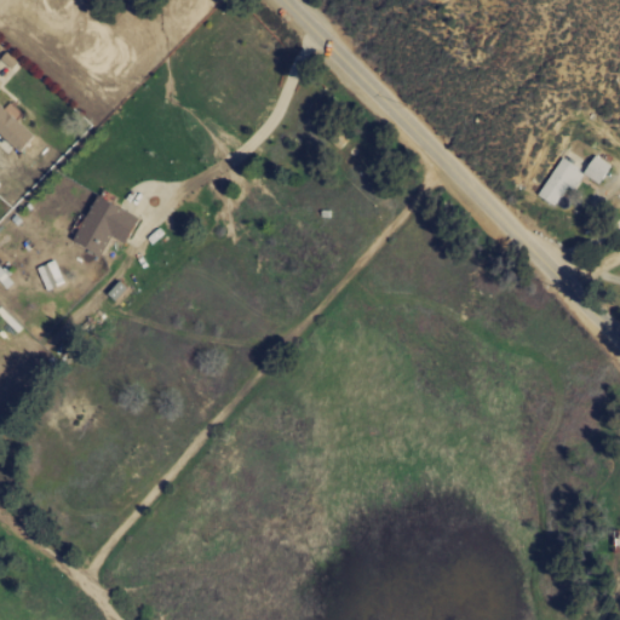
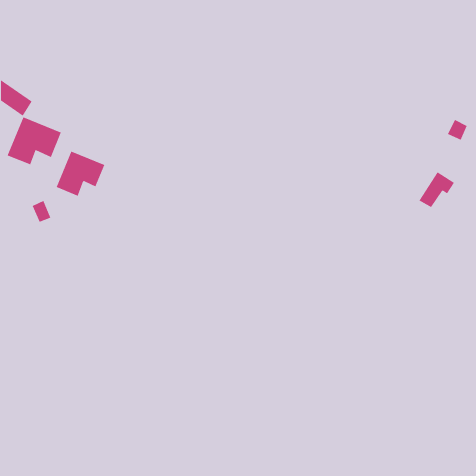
building: none -> [7,116,62,165]
building: [536,157,584,205] -> [419,172,455,208]

